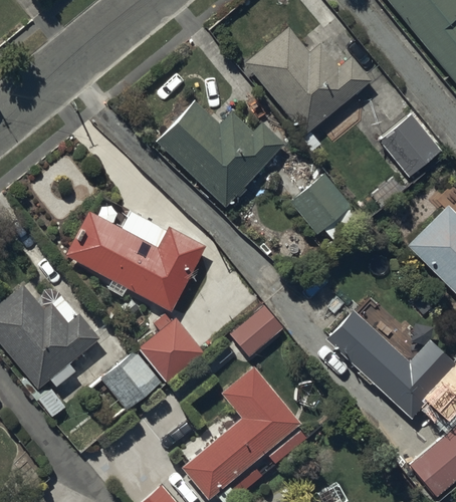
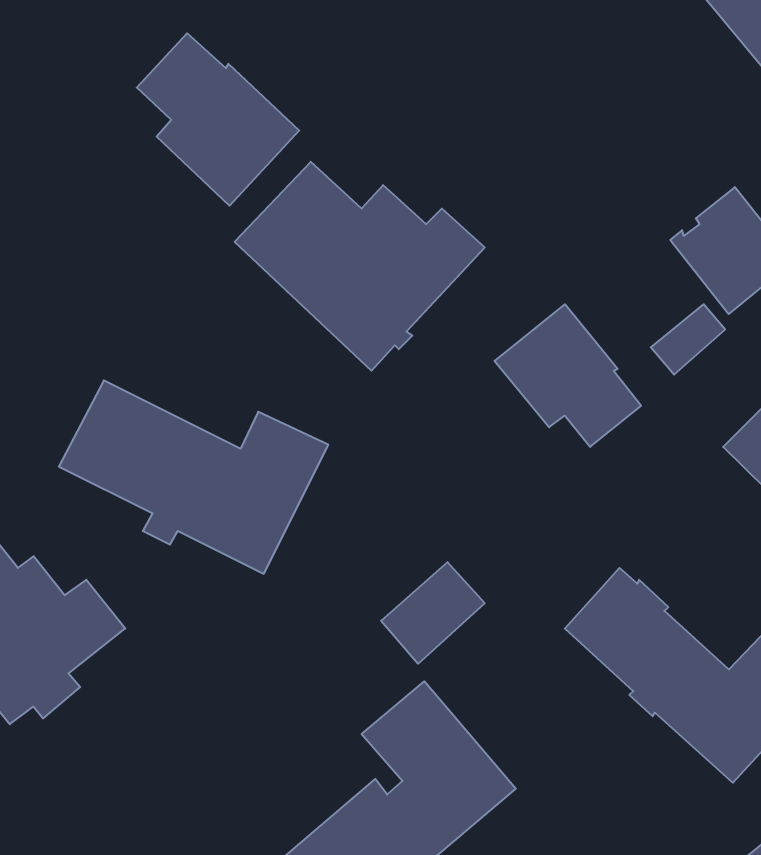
building: [243,26,372,153] -> none
building: none -> [137,33,299,206]
building: [100,313,205,410] -> none

